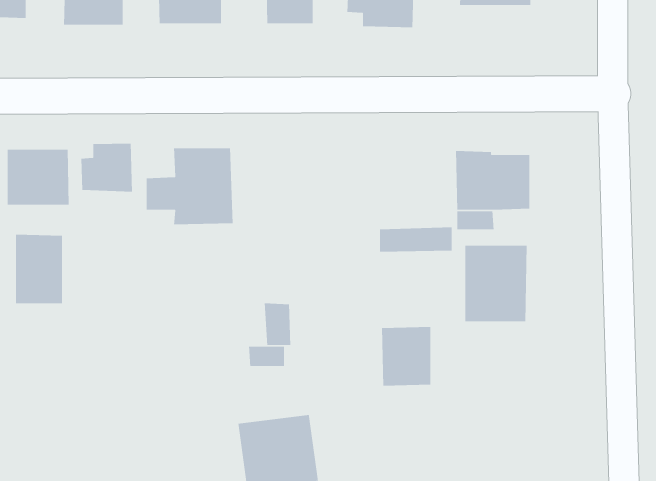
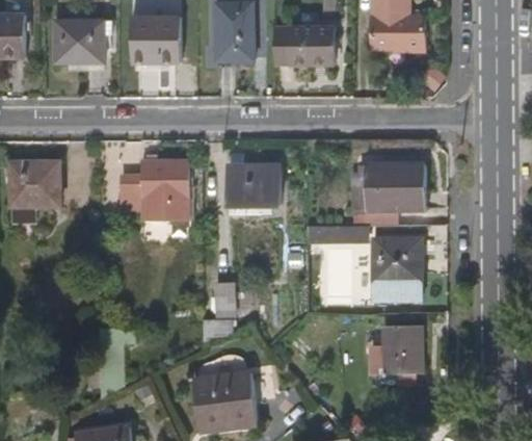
building: [80,143,133,193] -> none
building: none -> [228,164,280,206]
building: [15,234,63,304] -> none
building: [381,326,431,387] -> [381,326,421,373]

